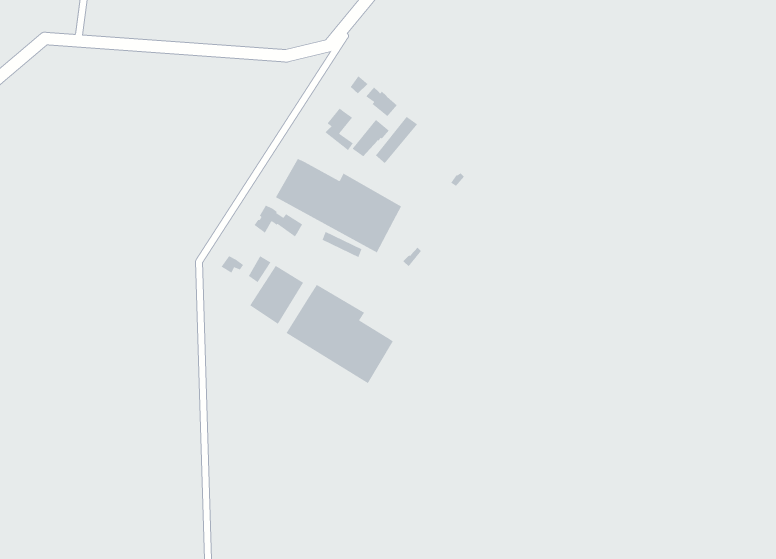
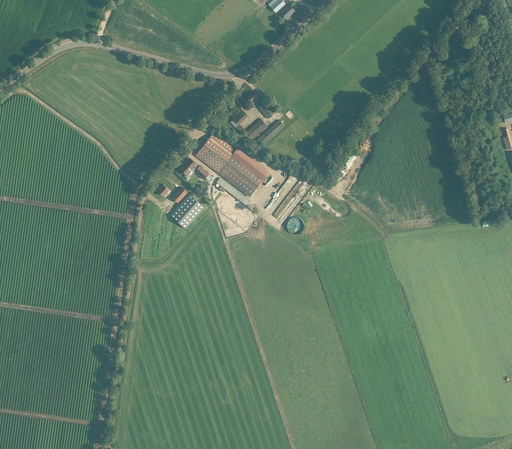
building: [286,284,394,384] -> none

